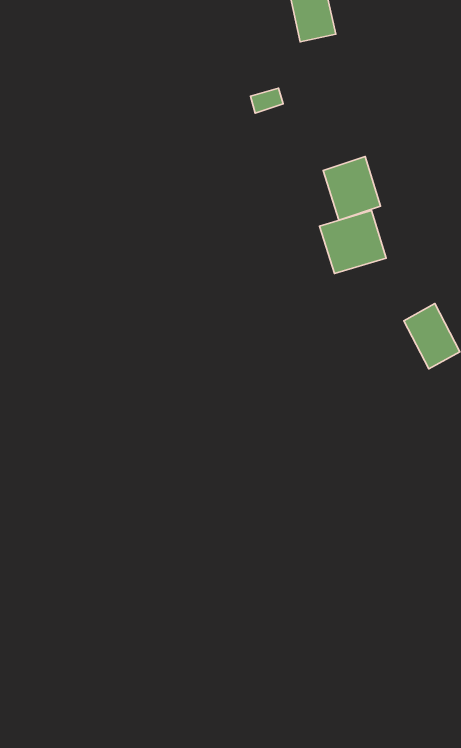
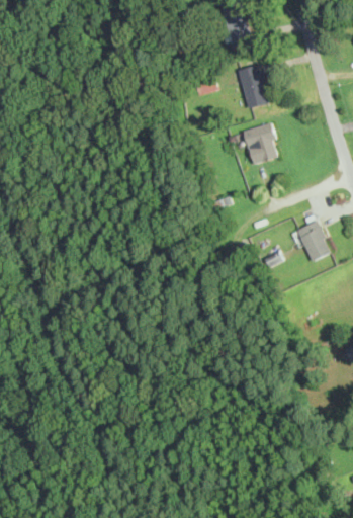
building: none -> [239,64,268,108]
building: [319,211,386,274] -> none

